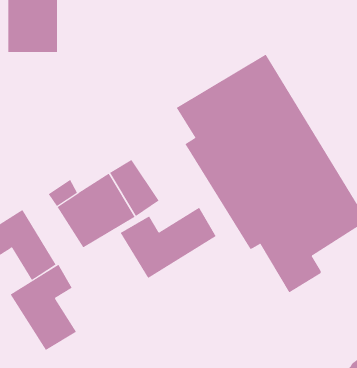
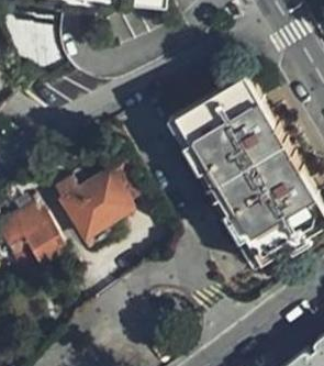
building: [120,207,217,279] -> none
building: [10,264,77,351] -> none

